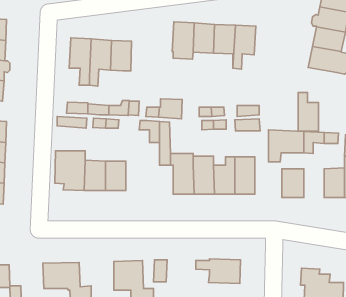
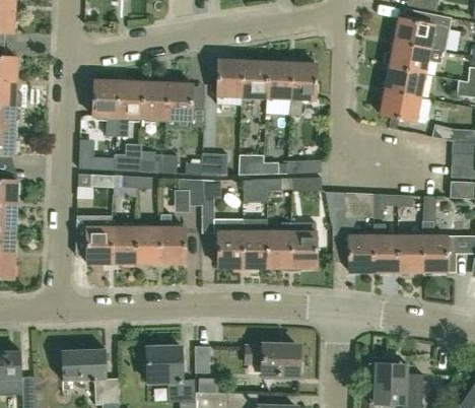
building: none -> [166,83,204,127]
building: [298,93,318,131] -> [375,224,399,271]
building: none -> [160,214,185,263]

